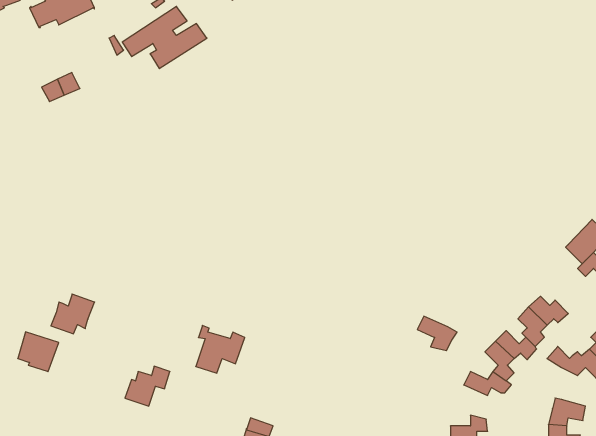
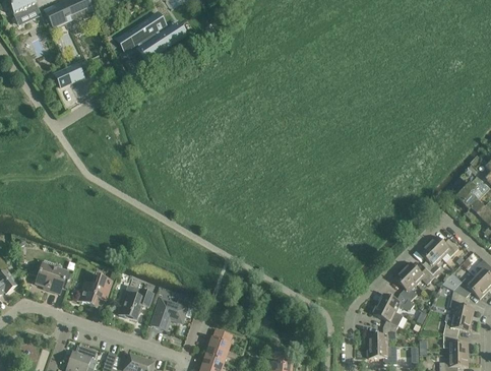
building: [51,294,95,334] -> [78,274,112,305]
building: [417,316,457,351] -> [373,303,404,329]
building: [196,325,245,373] -> [150,293,188,329]
building: none -> [449,290,475,319]

